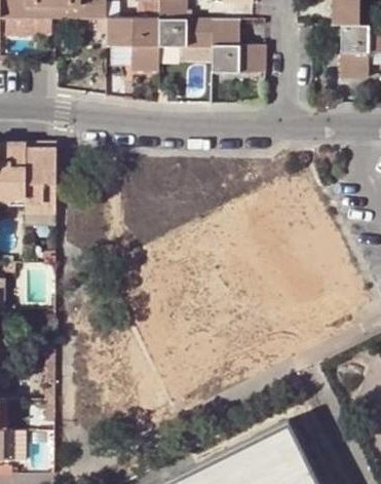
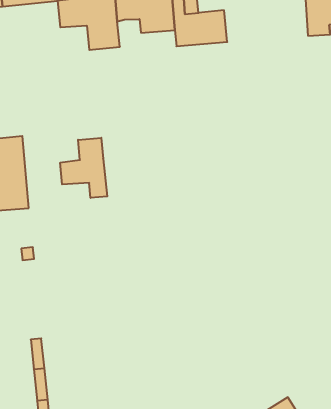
building: none -> [60,138,107,198]

